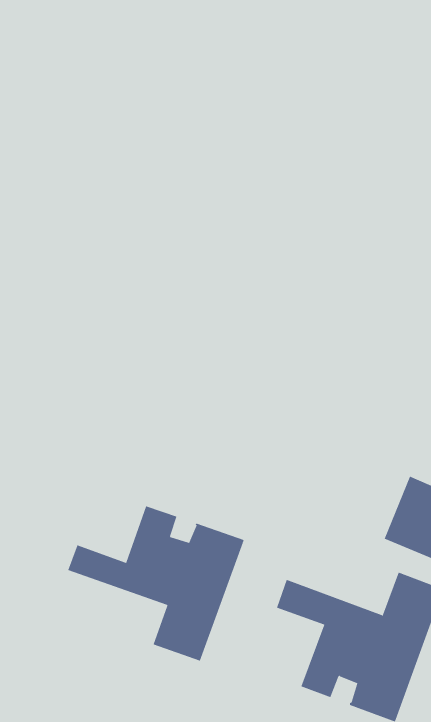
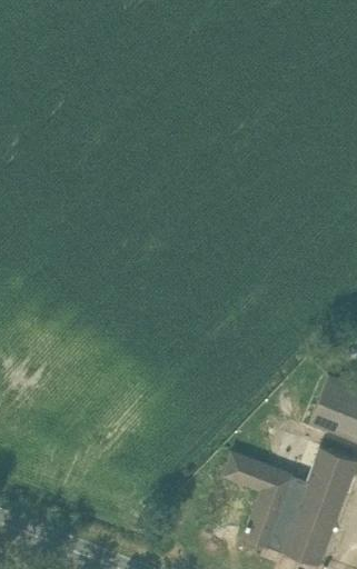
building: [67,505,244,662] -> none

